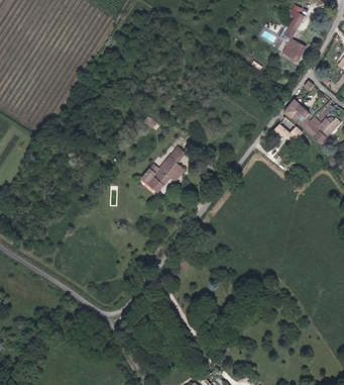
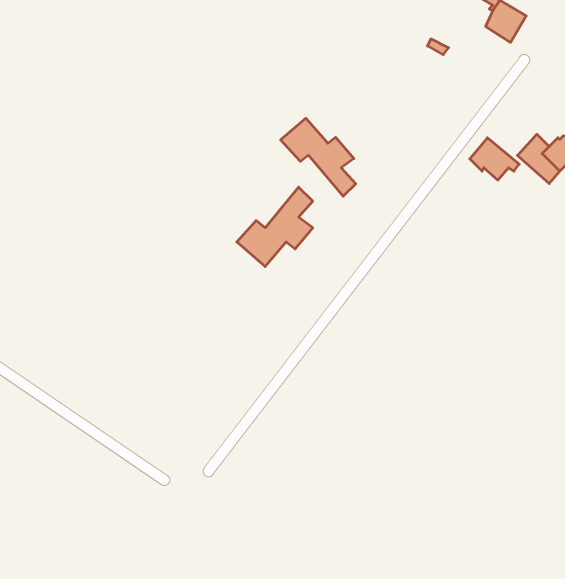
building: [282,99,312,127] -> none
building: none -> [281,118,356,196]

